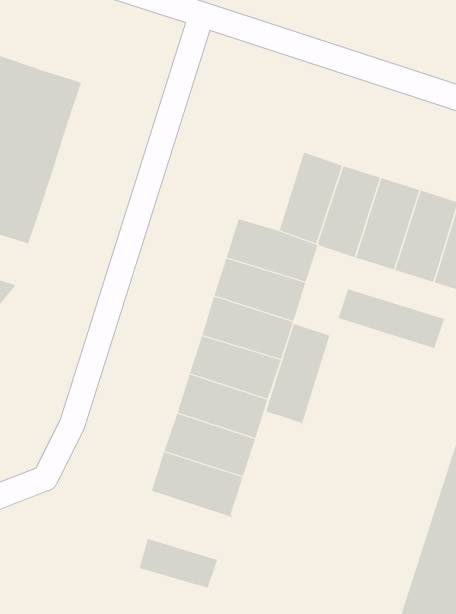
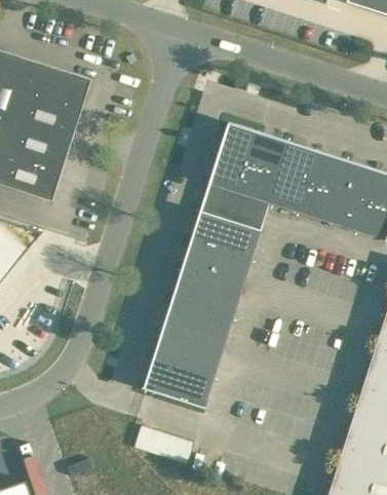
building: none -> [209,123,259,192]
building: [338,289,445,349] -> none
building: [265,323,330,426] -> none

